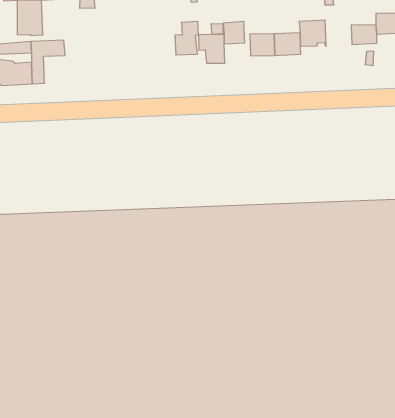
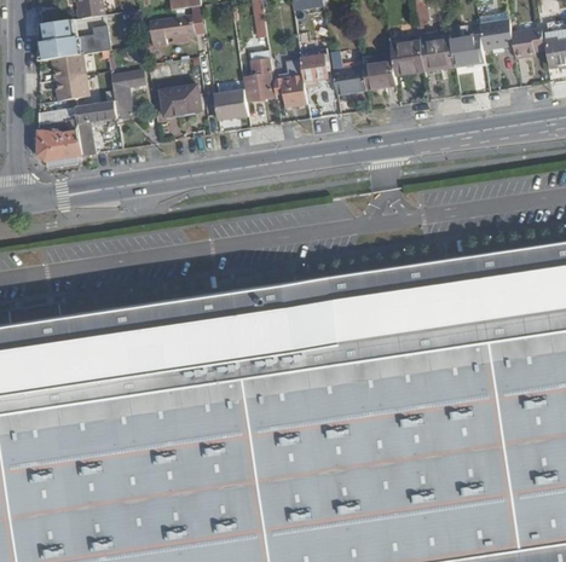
building: none -> [421,37,456,73]
building: none -> [112,79,145,118]
building: none -> [163,87,202,117]
building: none -> [215,92,249,123]

